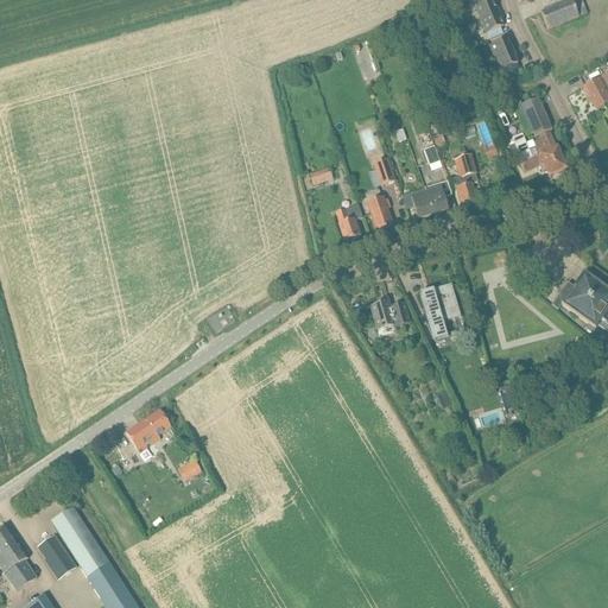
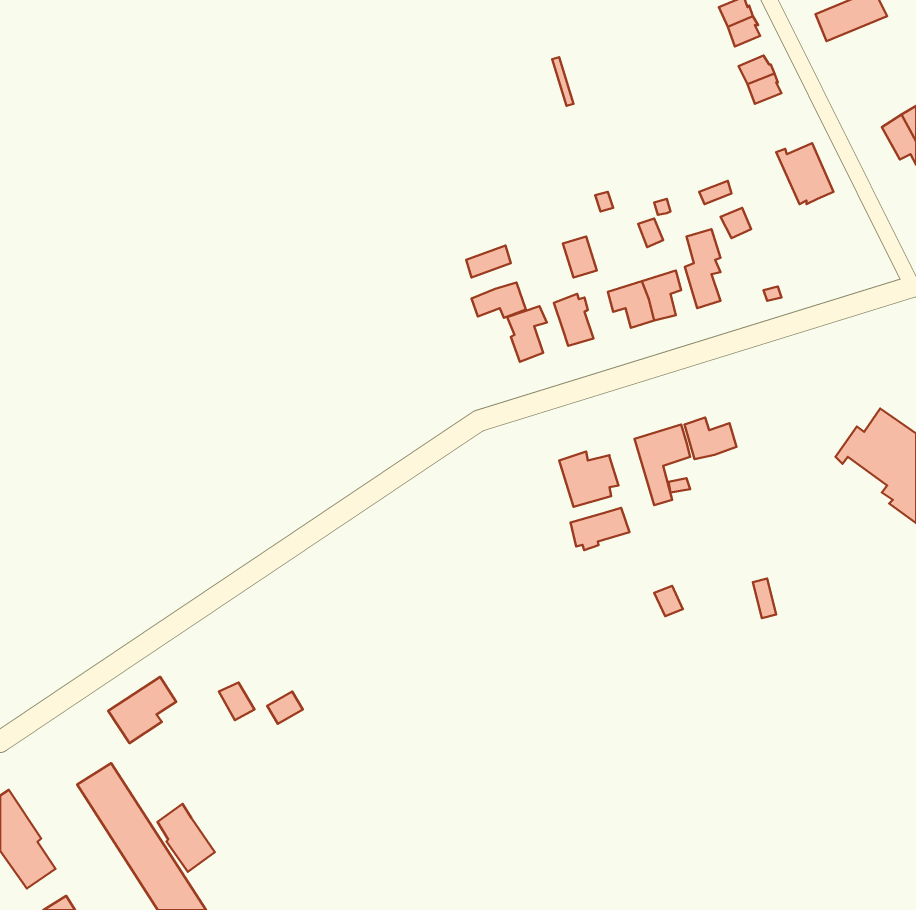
building: [506,132,565,173] -> none
building: none -> [471,283,526,318]
building: none -> [684,418,737,459]
building: none -> [570,508,630,550]
building: [126,408,171,452] -> [108,677,176,743]
building: [38,533,76,578] -> [157,804,215,872]

